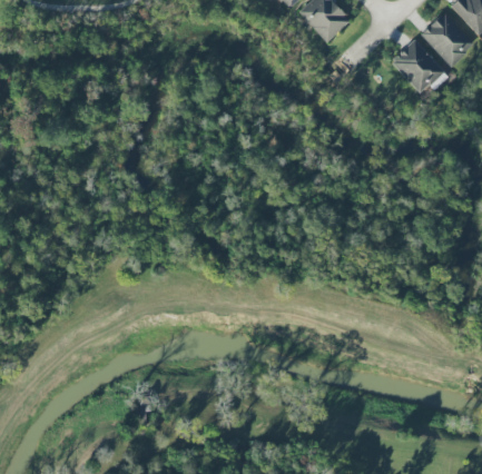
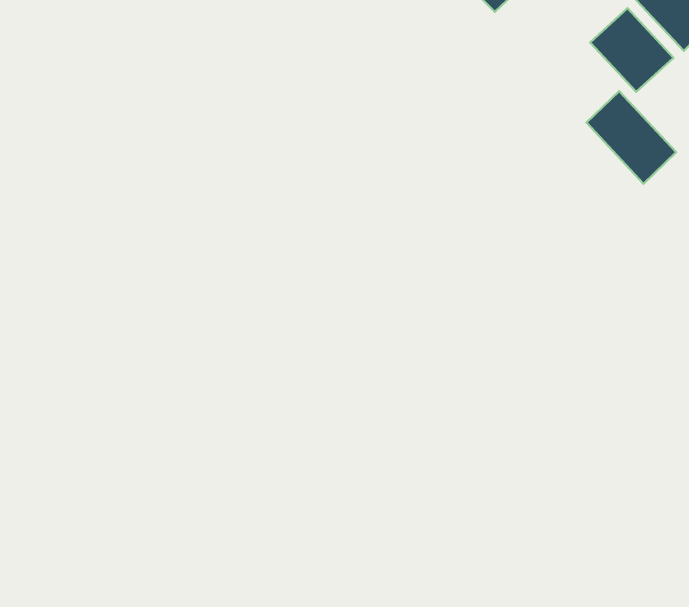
building: none -> [586,91,676,184]

